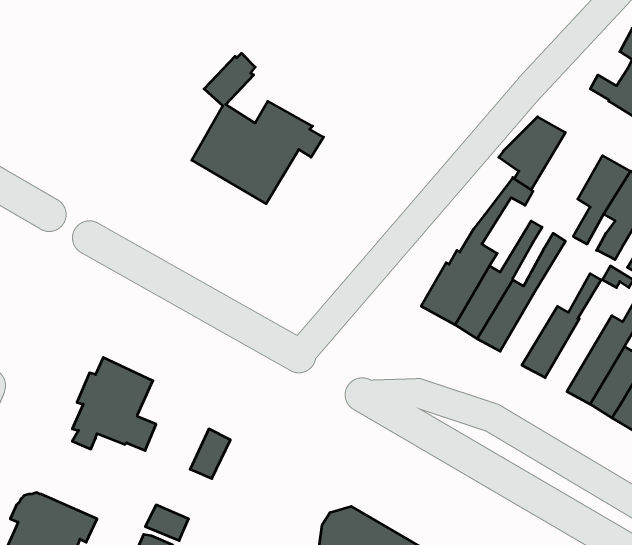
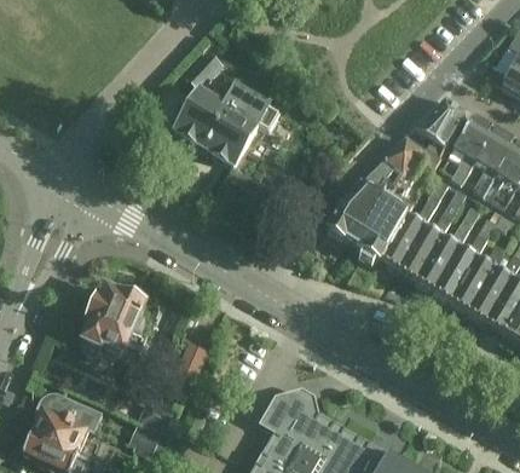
building: none -> [451,114,496,184]
building: none -> [327,135,423,244]
building: none -> [416,206,480,290]
building: none -> [451,243,504,311]

